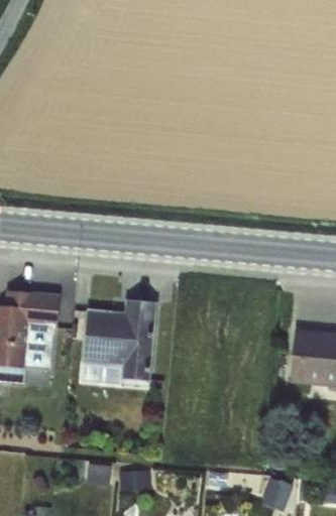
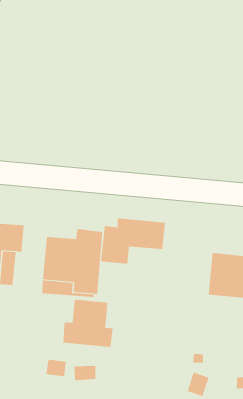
building: none -> [101,218,166,264]
building: none -> [63,299,113,348]

